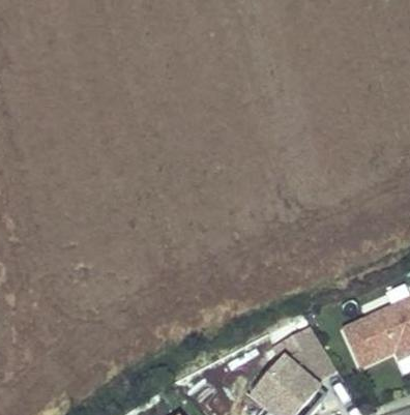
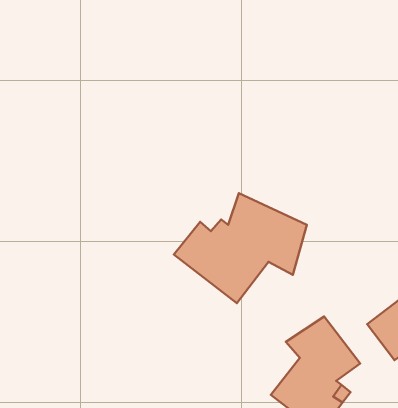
building: none -> [174,193,307,303]

